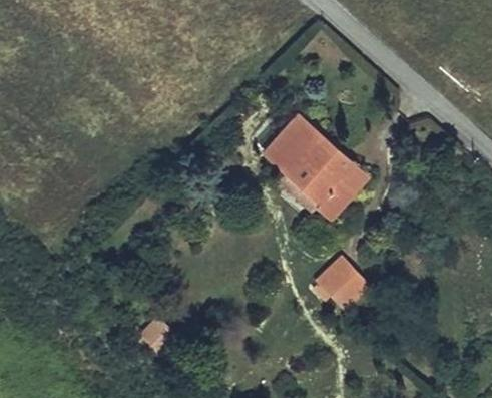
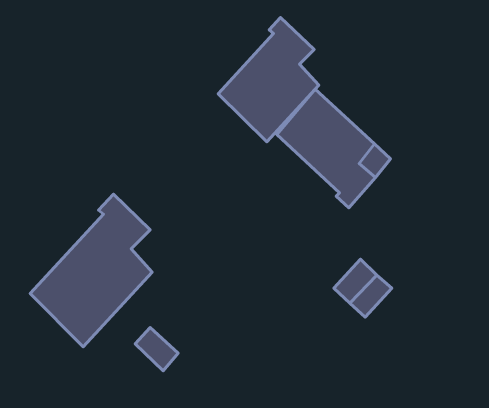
building: none -> [218,18,319,142]
building: none -> [30,194,152,347]

